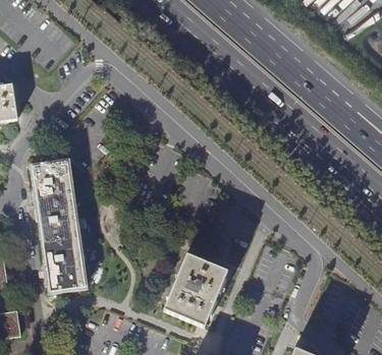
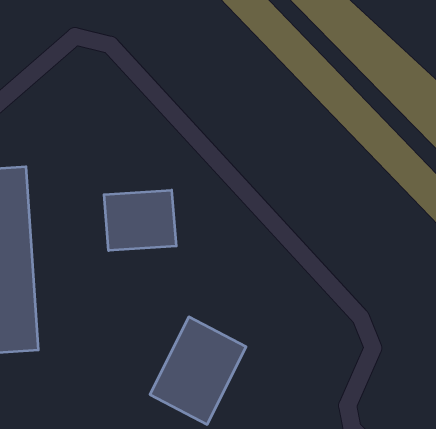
building: none -> [104,190,176,251]

